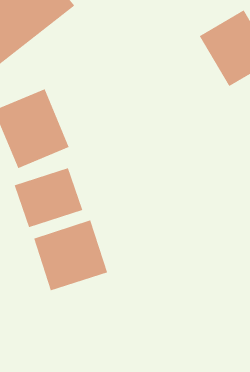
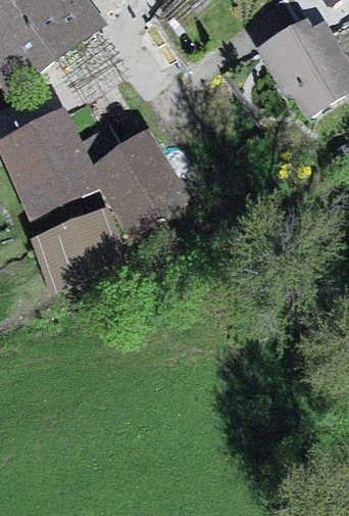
building: none -> [94,141,182,230]
building: [34,219,108,291] -> none

